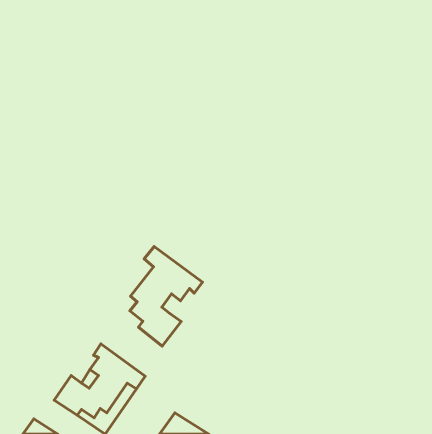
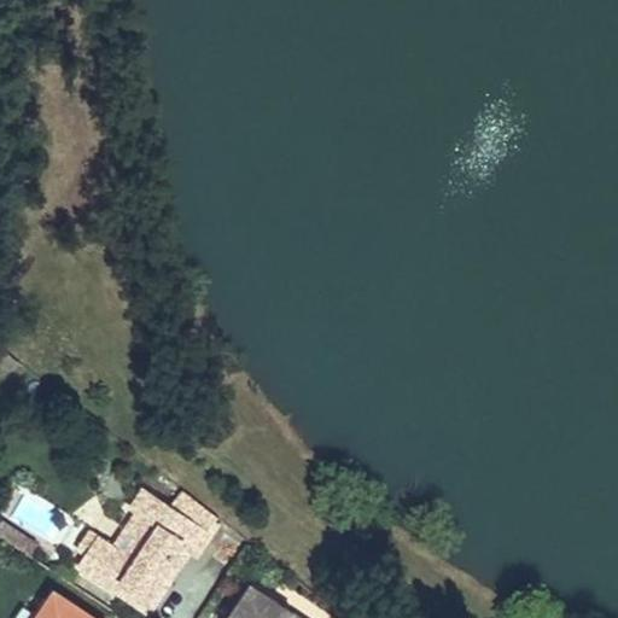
building: [130,247,203,346] -> none

